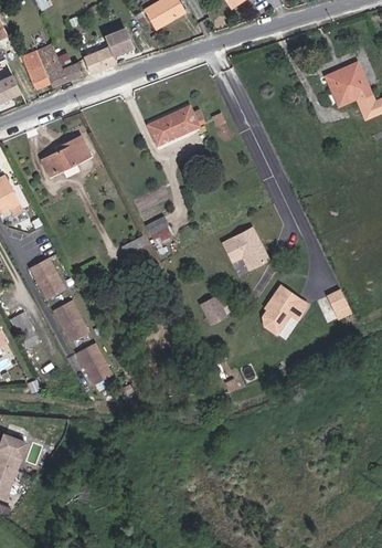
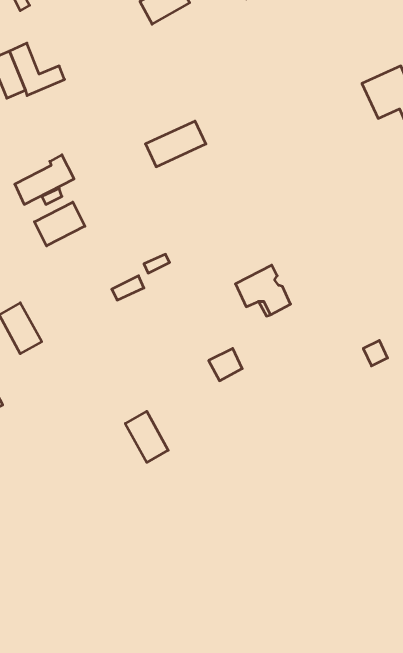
building: [83,28,131,73] -> none
building: none -> [34,202,85,246]
building: [263,286,307,334] -> none
building: [52,299,87,340] -> none
building: [75,341,110,383] -> [125,411,168,462]

